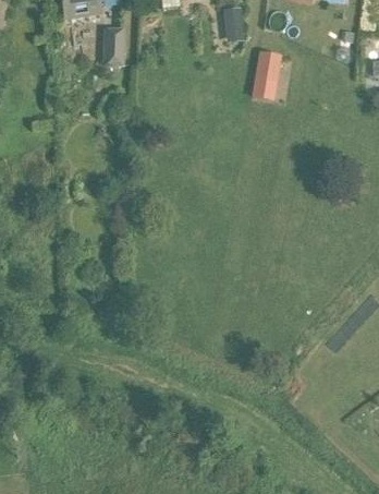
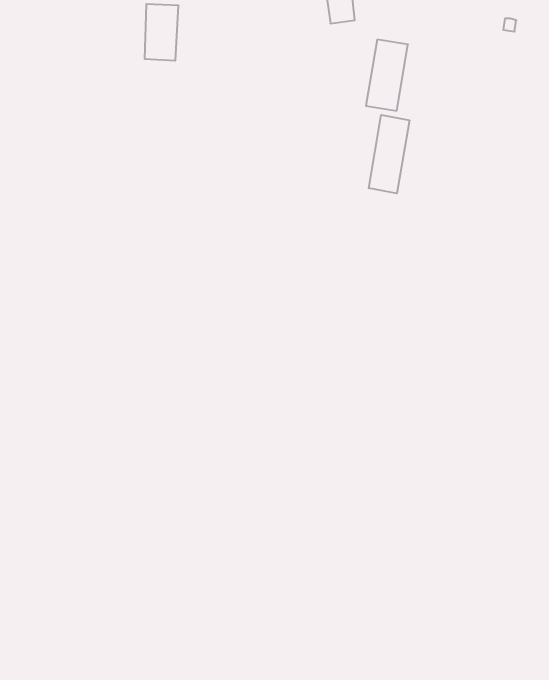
building: none -> [369,115,409,193]

